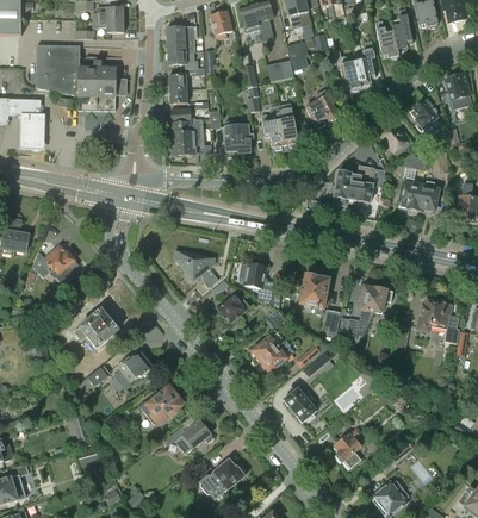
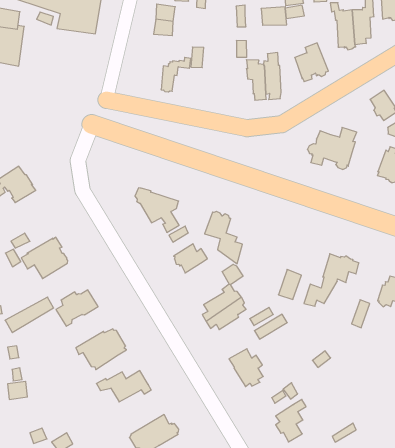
building: [170,107,192,156] -> none
building: [224,117,254,156] -> none
building: [296,273,329,313] -> none

